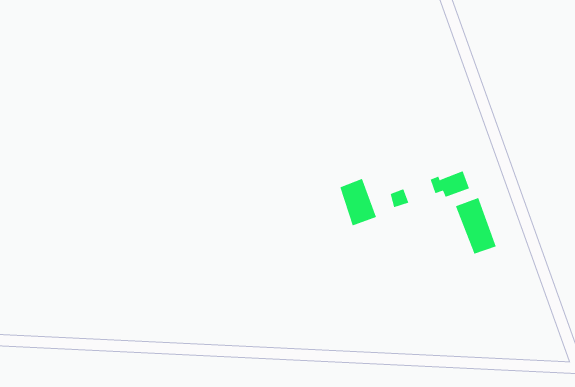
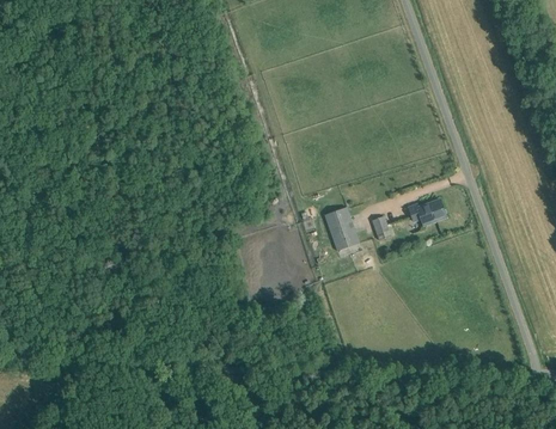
building: [455,197,497,254] -> none

